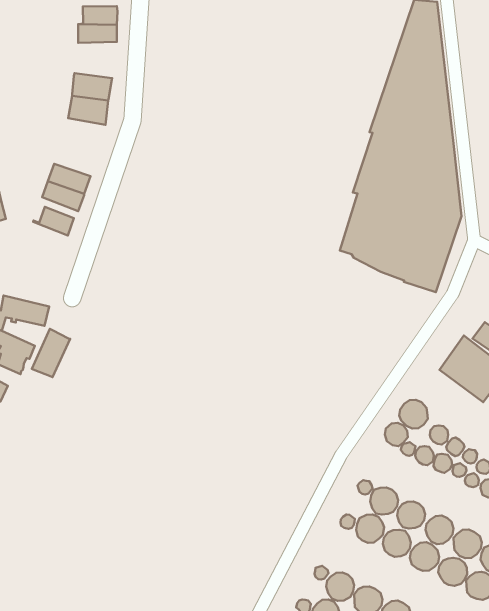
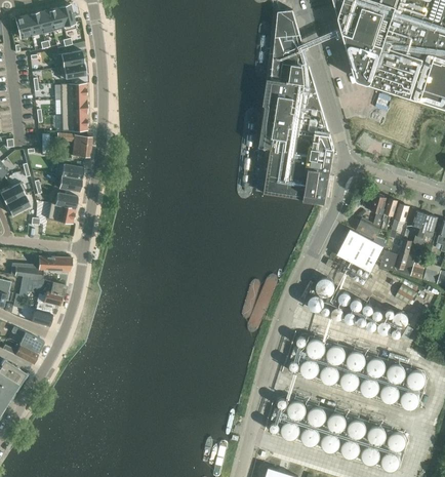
building: none -> [60,84,86,101]
building: none -> [57,134,92,158]
building: none -> [47,204,75,225]
building: [32,329,70,377] -> none

